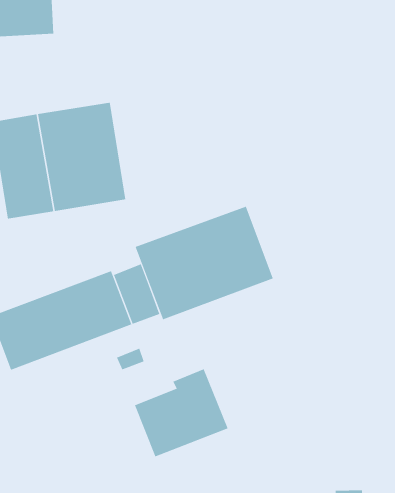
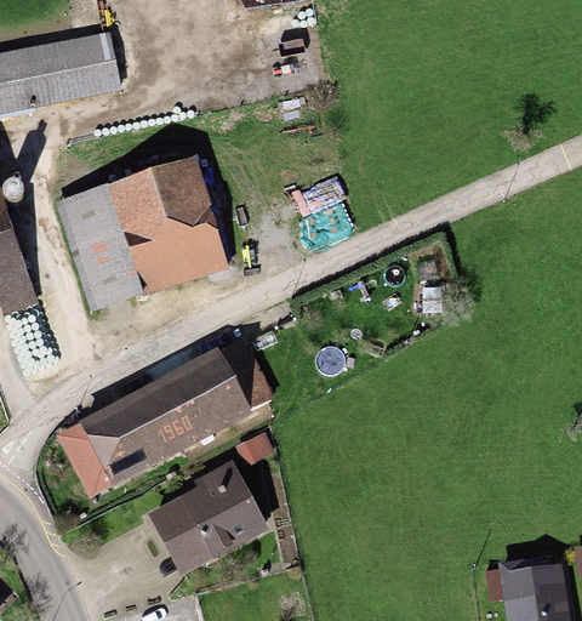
building: [135,206,274,320] -> none
building: [134,369,228,457] -> [154,462,264,570]

